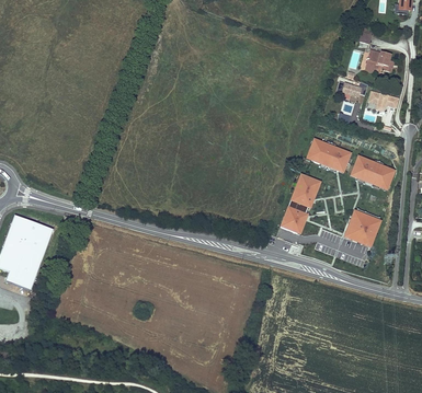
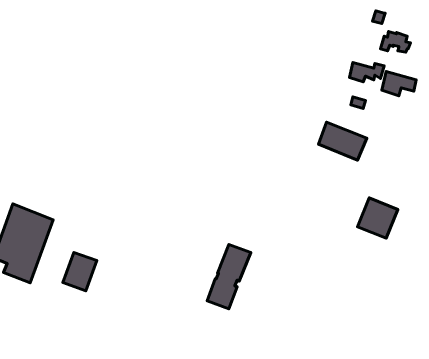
building: [350,154,396,190] -> none
building: [280,173,321,234] -> [207,244,251,309]
building: none -> [63,252,97,291]

